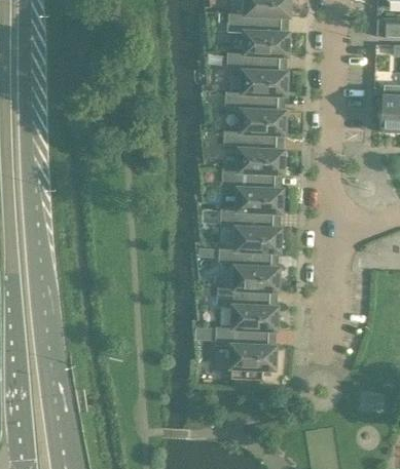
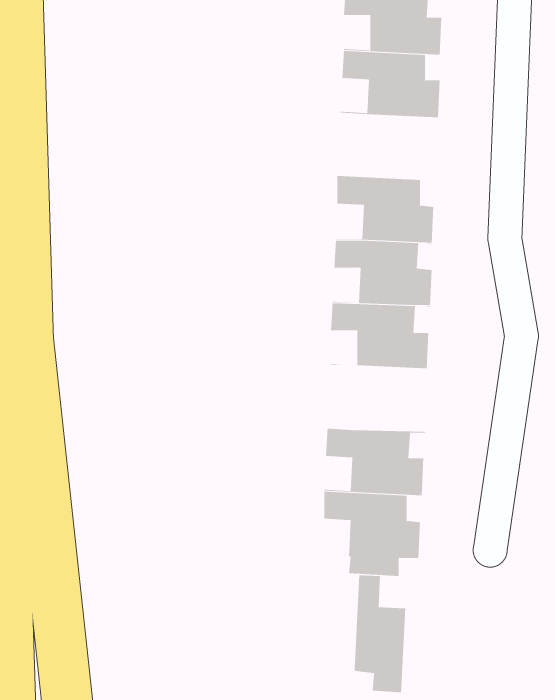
building: [223,90,287,132] -> none
building: [217,247,280,288] -> none
building: none -> [353,575,407,693]

